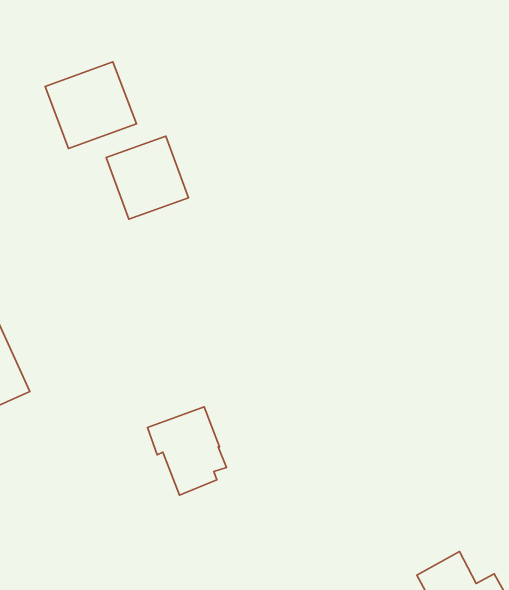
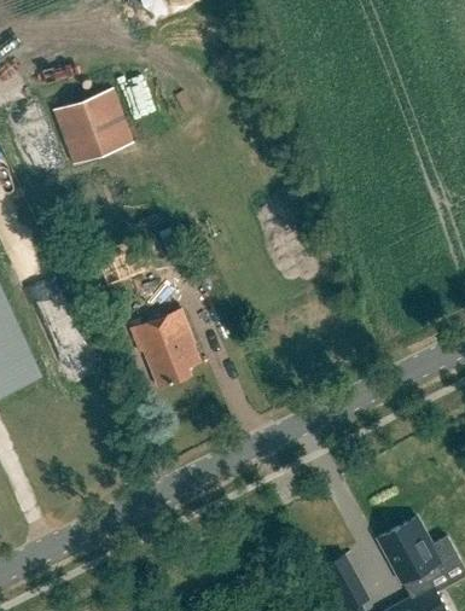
building: [106,136,188,219] -> none
building: [148,407,226,495] -> [130,310,199,388]

